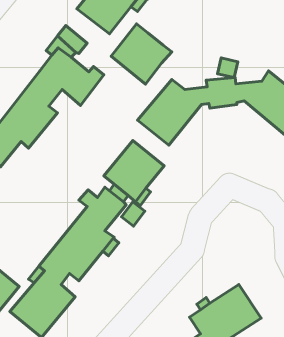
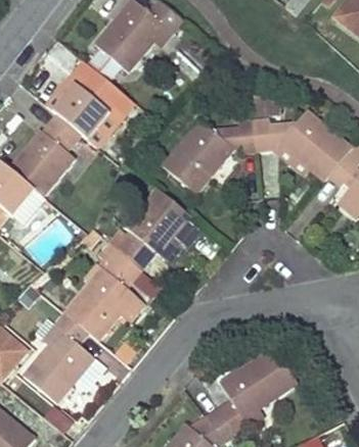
building: [111,24,172,84] -> none

